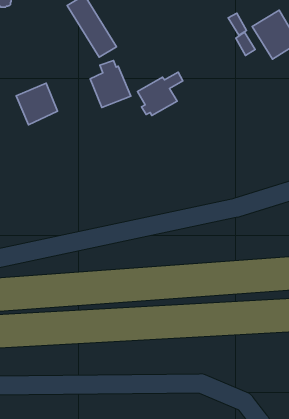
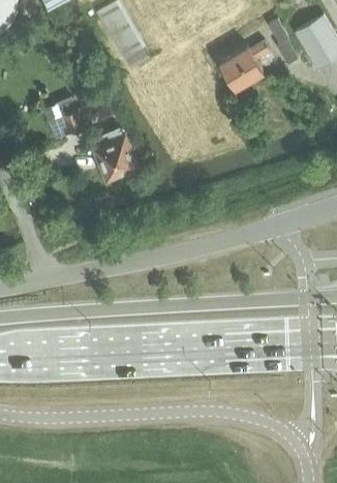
building: [90,60,131,108] -> [95,128,139,179]
building: [138,72,183,116] -> [221,41,270,88]

